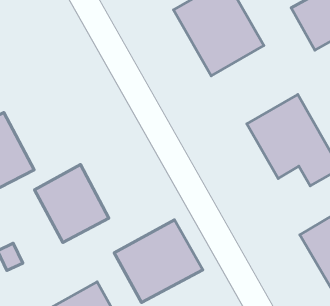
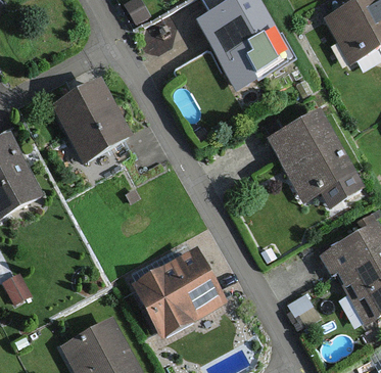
building: [34,164,109,242] -> [49,77,130,161]

